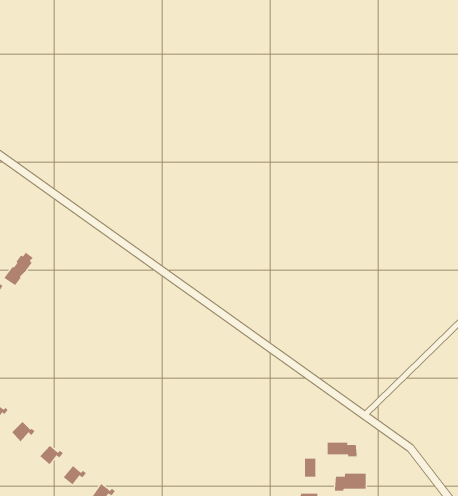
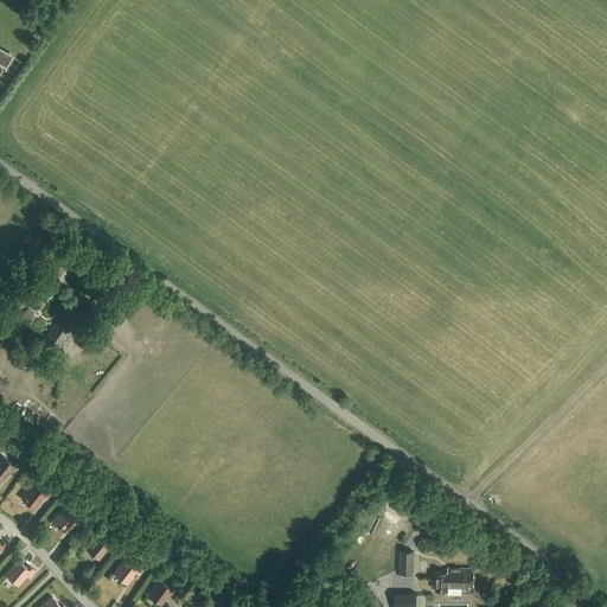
building: [327,442,357,457] -> none

